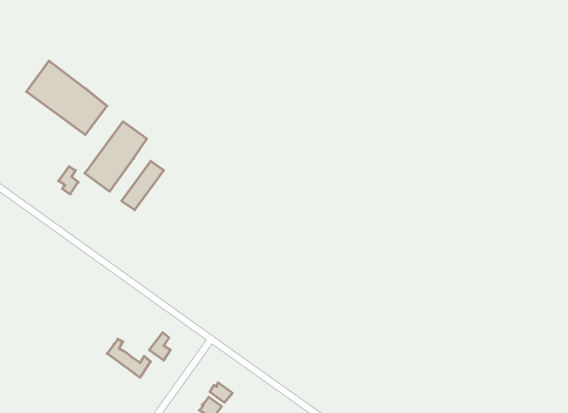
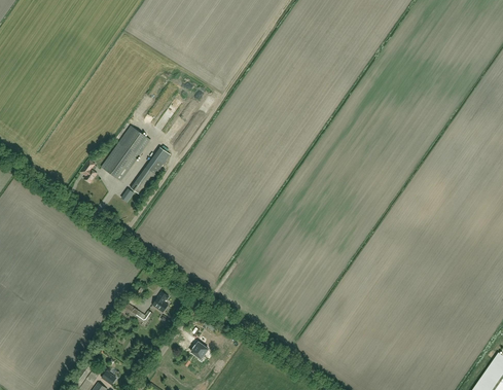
building: [26,61,107,135] -> none

